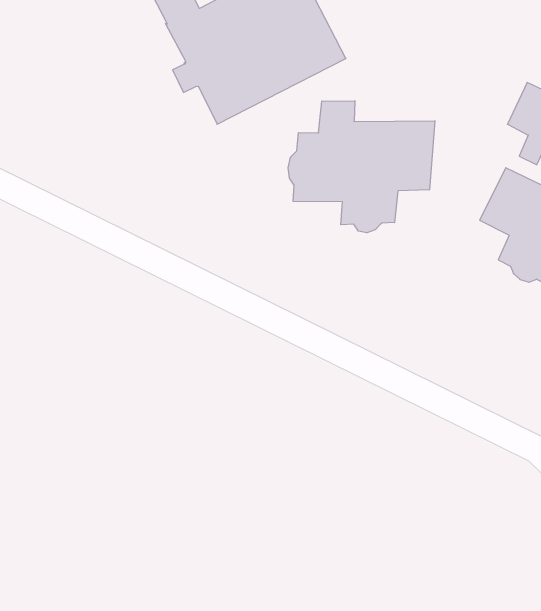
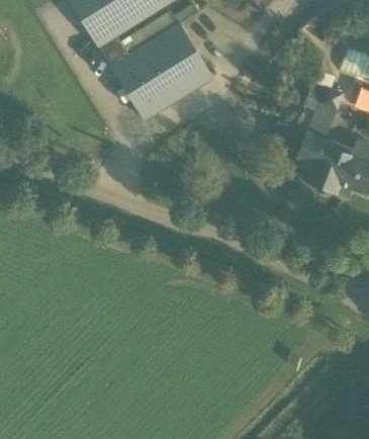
building: [288,101,435,233] -> none

